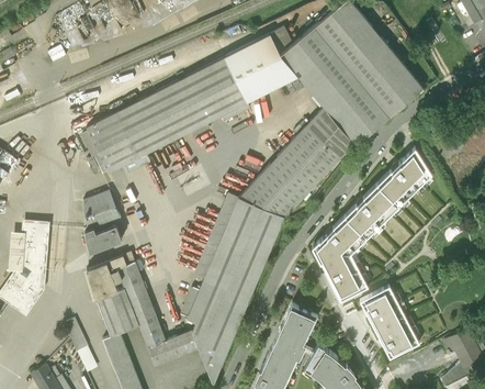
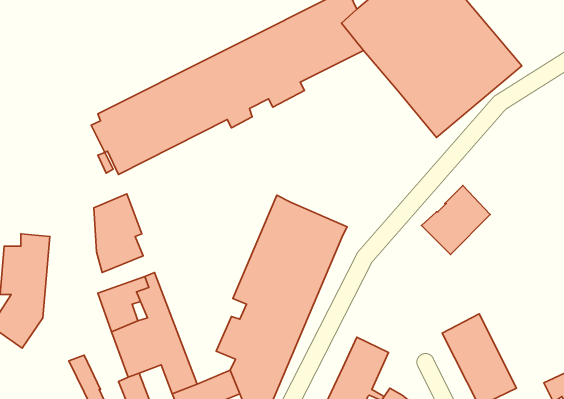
building: [239,108,356,218] -> none
building: [376,148,431,208] -> none
building: [312,216,368,303] -> none

